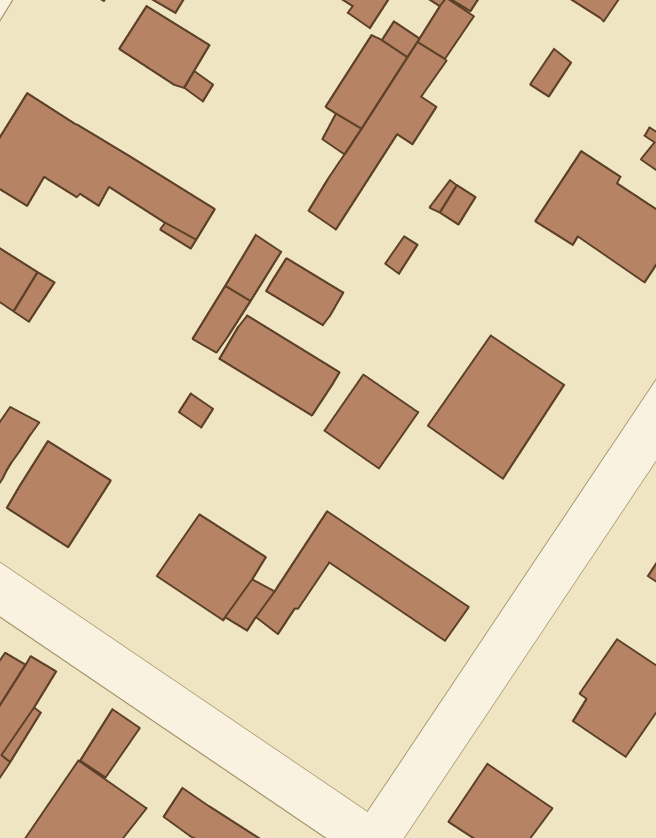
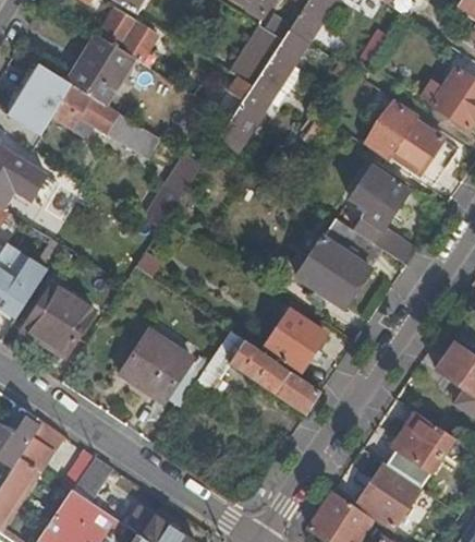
building: none -> [70,34,133,103]
building: none -> [336,167,416,264]
building: [266,258,343,325] -> none
building: [219,315,339,416] -> none
building: [324,375,418,468] -> [266,310,326,370]
building: none -> [358,462,422,528]

